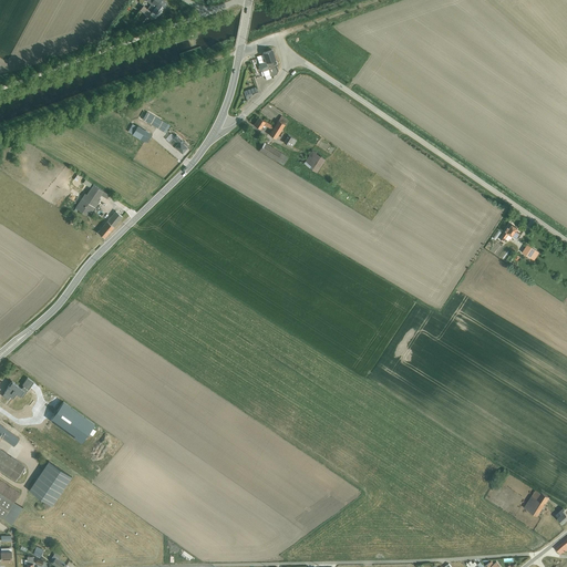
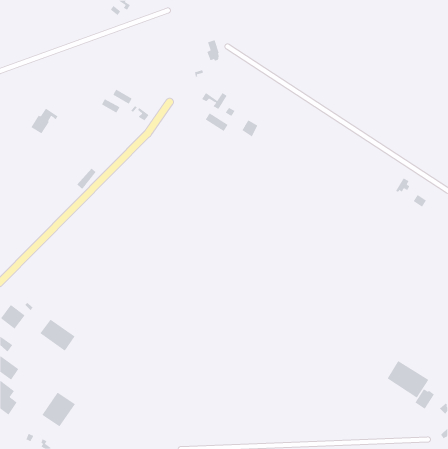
building: [74,184,110,217] -> [30,108,59,134]
building: none -> [387,360,429,398]
building: [28,461,71,505] -> [41,392,76,427]

